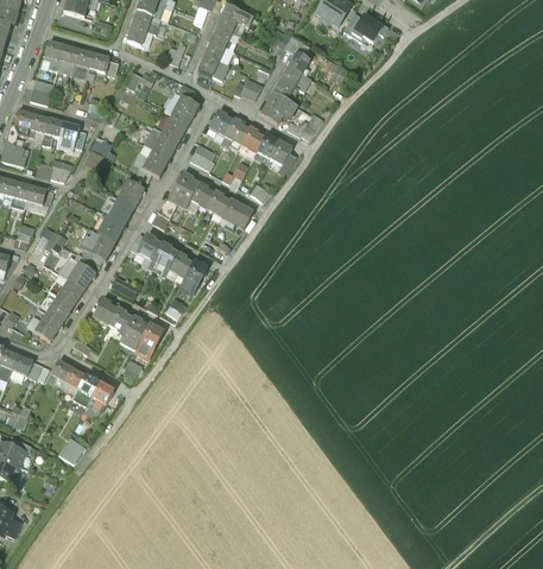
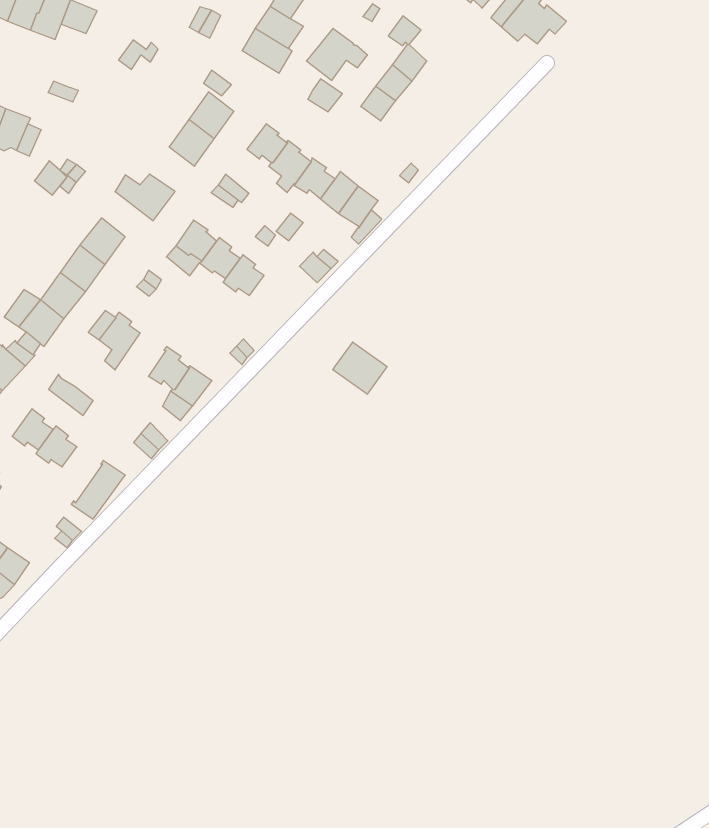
building: [260,93,296,124] -> [306,28,367,80]
building: [144,127,179,158] -> none
building: [221,198,253,228] -> [333,342,387,394]
building: [149,242,177,277] -> none
building: [119,315,149,350] -> none

